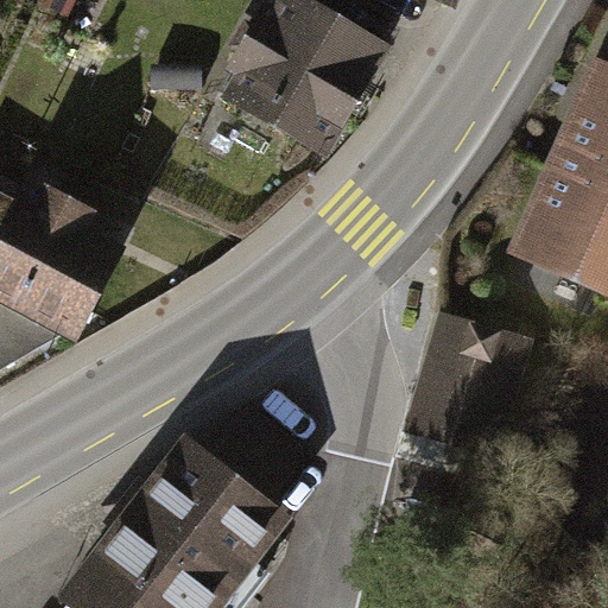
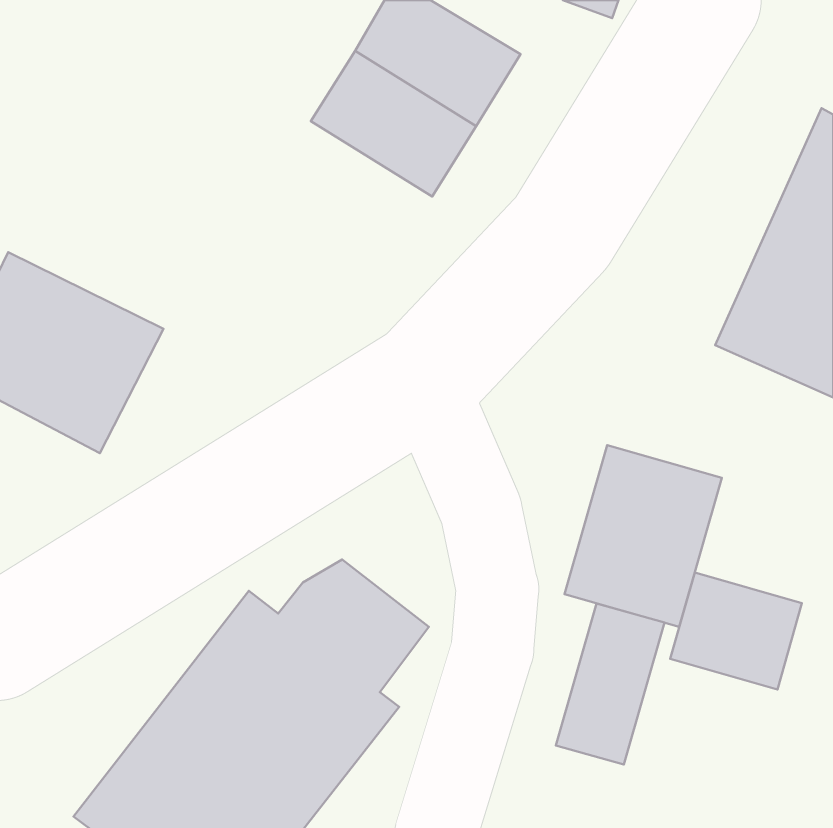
building: none -> [670,572,802,690]
building: none -> [556,603,664,764]

